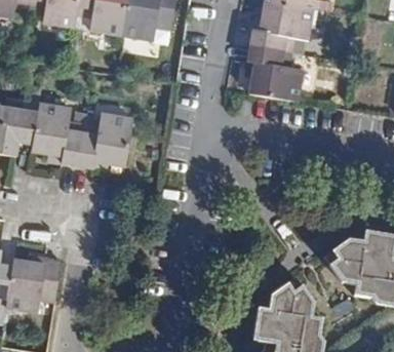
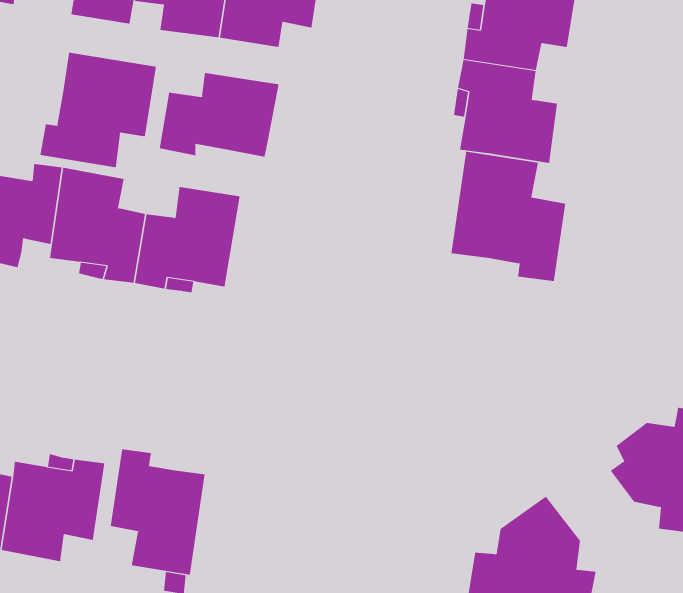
building: none -> [40,52,156,168]
building: none -> [159,72,279,158]
building: none -> [451,151,566,282]
building: none -> [110,449,205,575]

